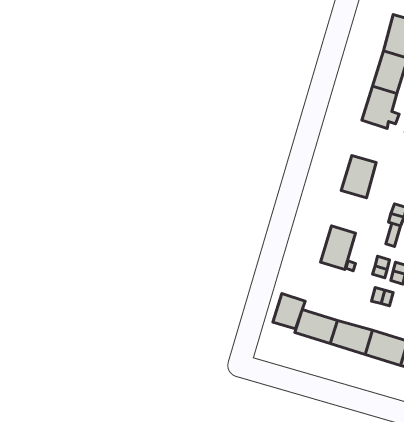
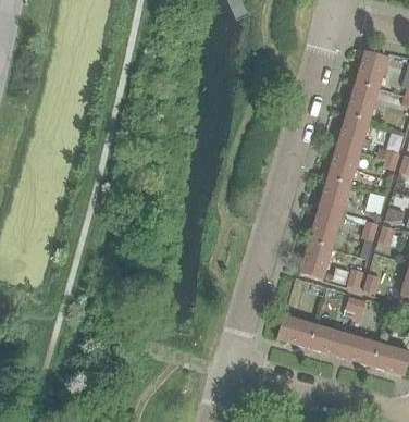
building: none -> [327,145,359,183]
building: none -> [309,208,340,246]
building: [273,294,305,329] -> none

